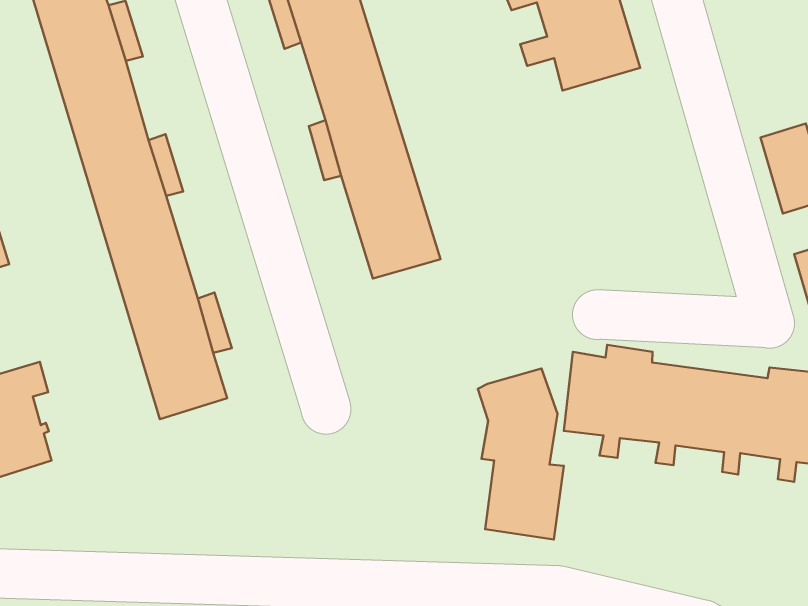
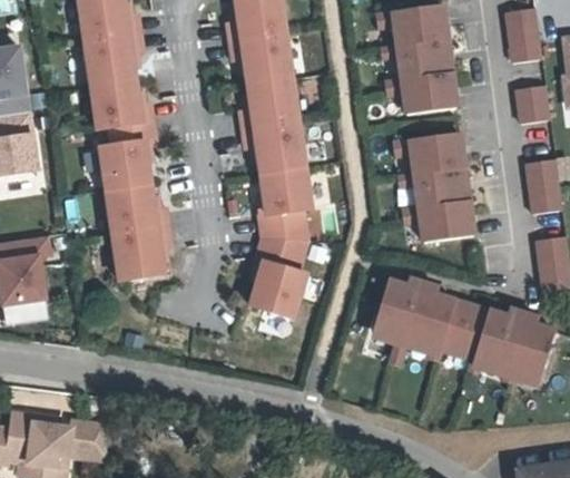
building: none -> [515,85,550,123]
building: none -> [392,131,473,242]
building: [478,369,564,540] -> [252,209,308,319]

